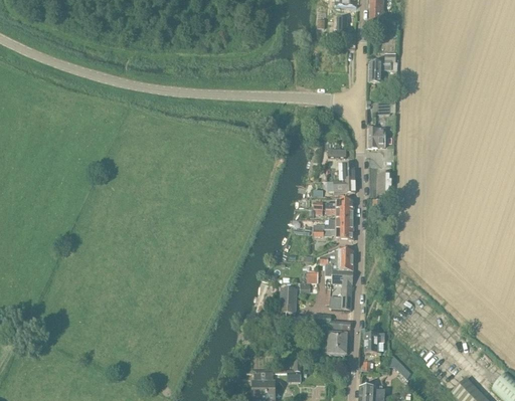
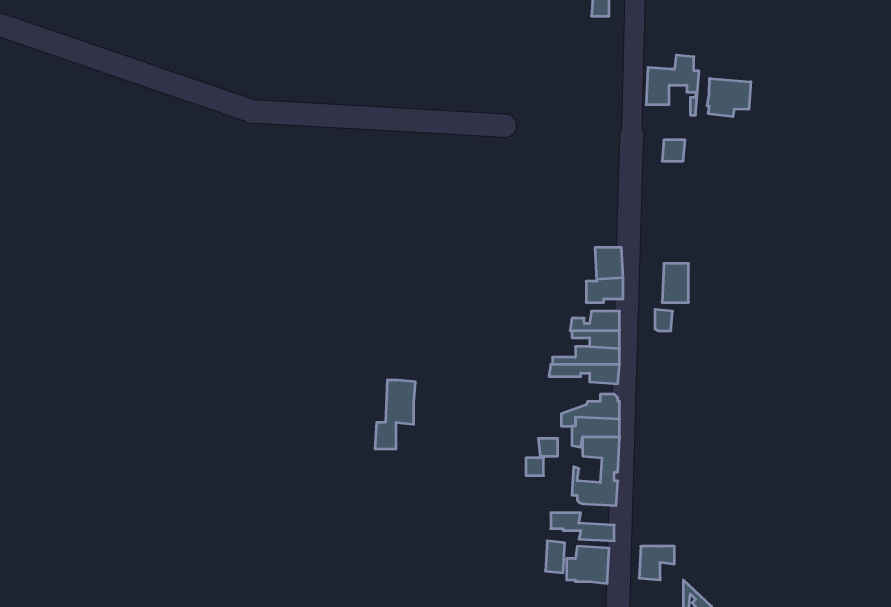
building: none -> [707,78,751,117]
building: [367,124,385,147] -> none
building: [274,287,297,327] -> [375,380,415,449]

